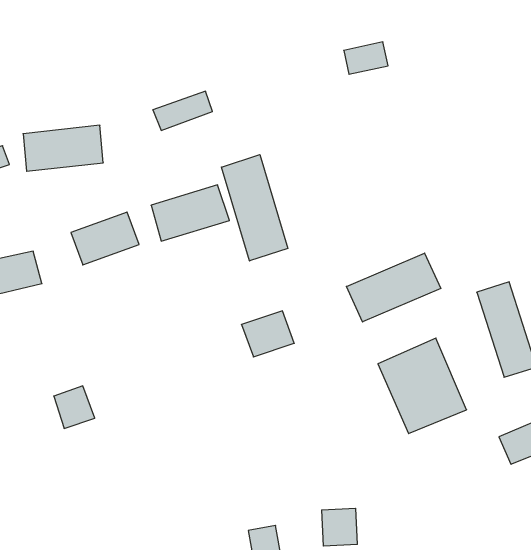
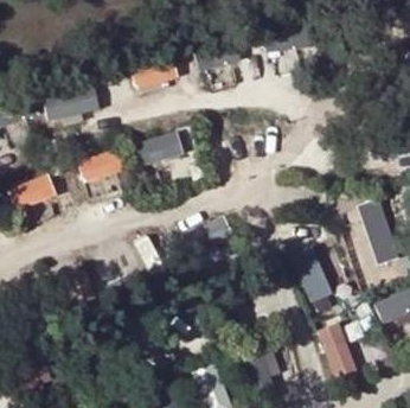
building: [221,155,288,261] -> none
building: [346,253,441,322] -> none
building: none -> [316,324,354,377]

